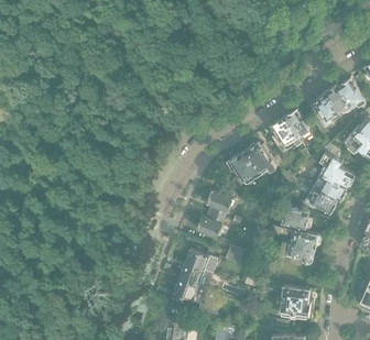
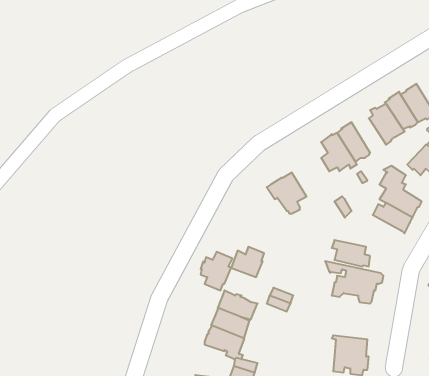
building: [246,143,276,177] -> none
building: [206,187,232,219] -> [201,252,232,290]
building: [303,187,337,215] -> none

